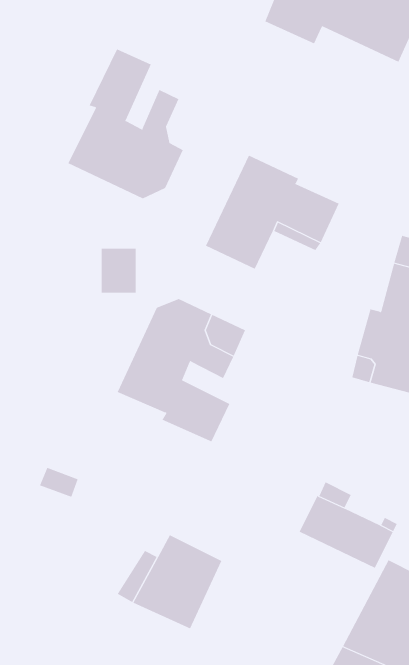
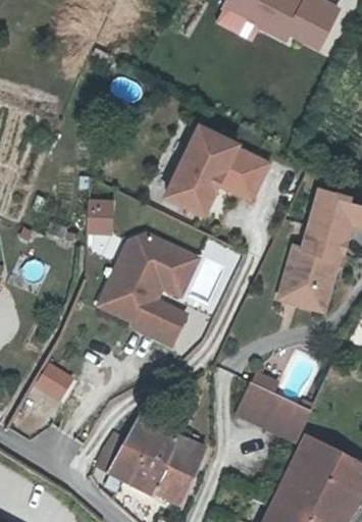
building: [68,48,183,199] -> none
building: none -> [155,438,205,504]

